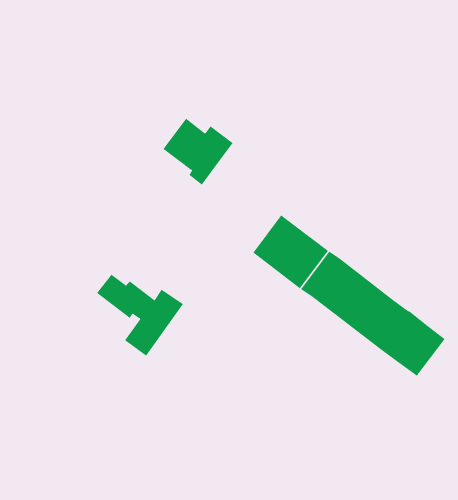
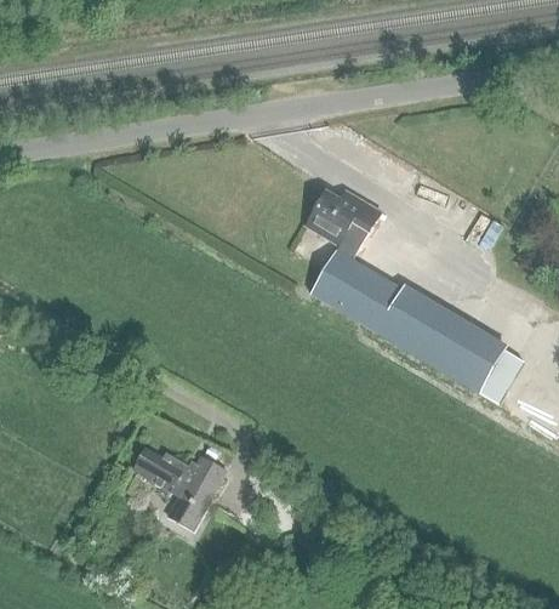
building: [163,118,234,186] -> [306,189,380,258]
building: [96,274,184,356] -> [132,446,226,529]

